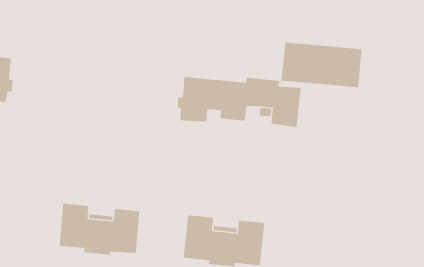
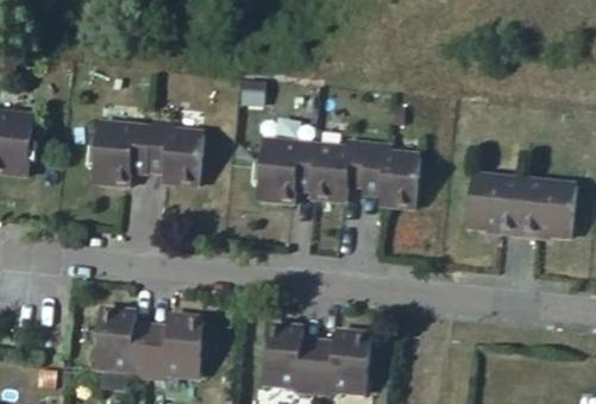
building: [280,42,363,88] -> [465,173,575,235]
building: none -> [87,121,202,185]

